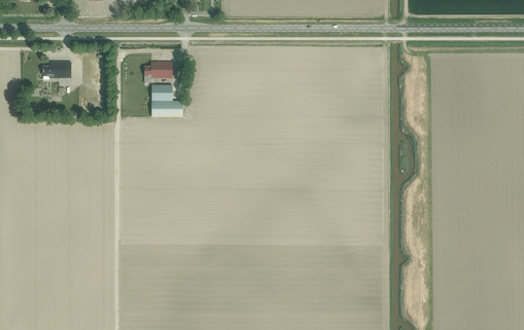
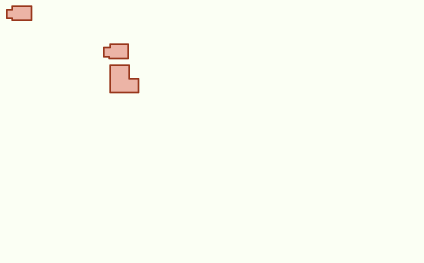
building: [43,62,71,77] -> [7,6,31,20]

